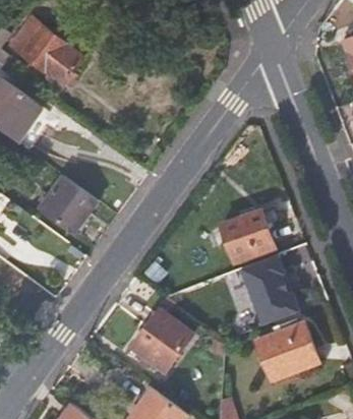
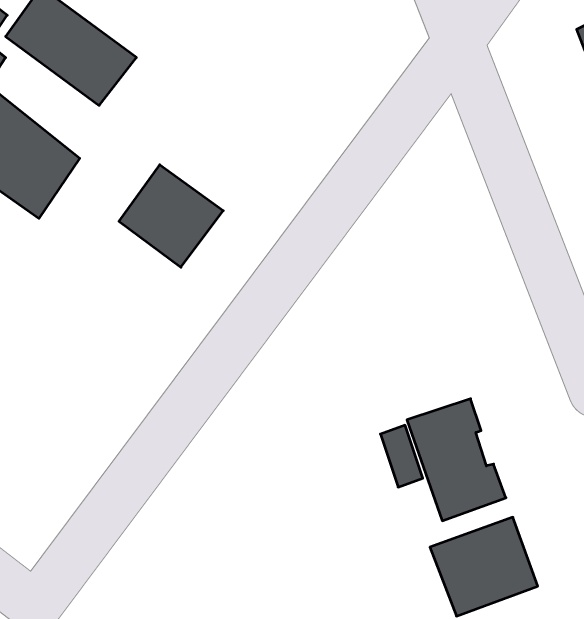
building: [39,175,99,234] -> [119,165,223,267]
building: [219,213,273,261] -> none
building: [128,307,193,374] -> none

